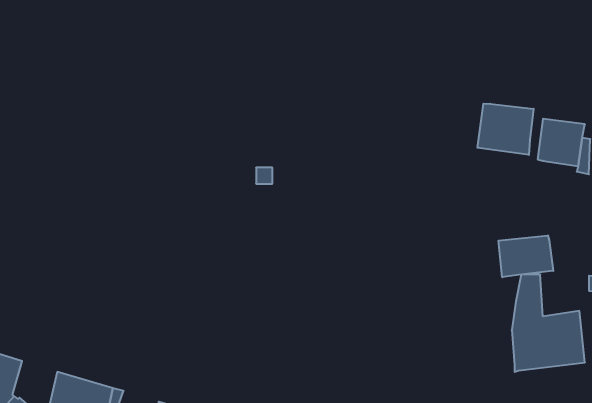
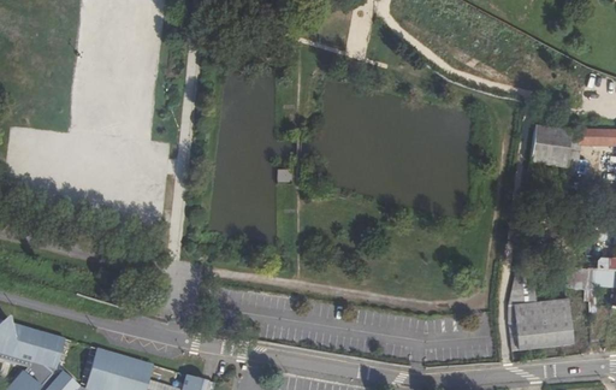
building: [477,104,534,155] -> none
building: [499,235,553,277] -> none

